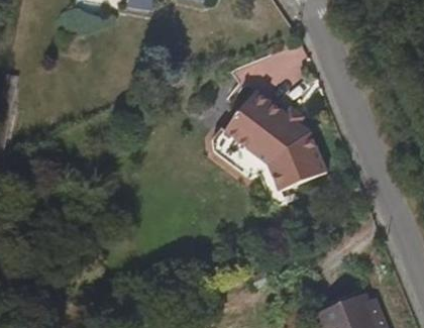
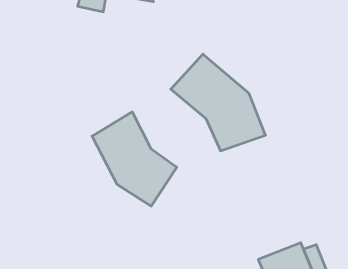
building: none -> [92,112,177,206]

